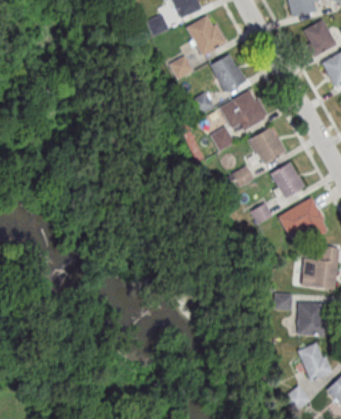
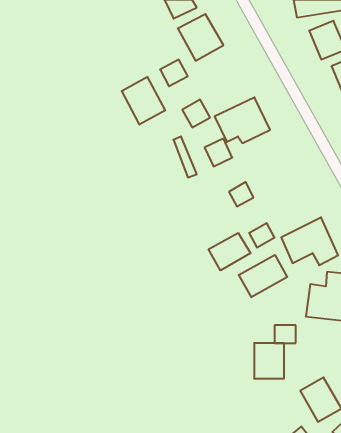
building: [211,53,246,92] -> none
building: none -> [122,77,165,125]
building: [249,126,285,163] -> none
building: [270,162,305,199] -> none
building: none -> [209,233,251,270]
building: none -> [239,255,287,297]
building: [296,303,323,335] -> [254,343,284,379]

